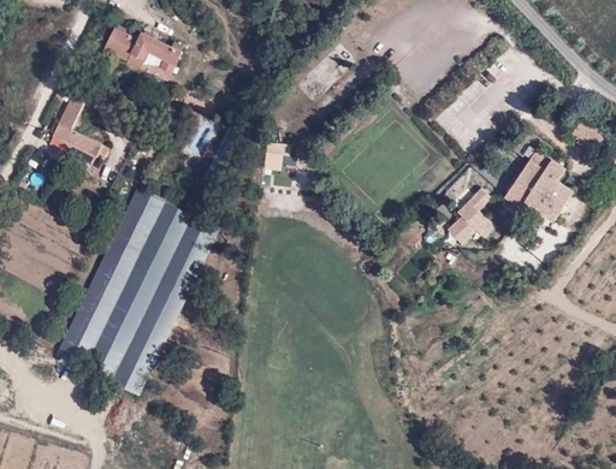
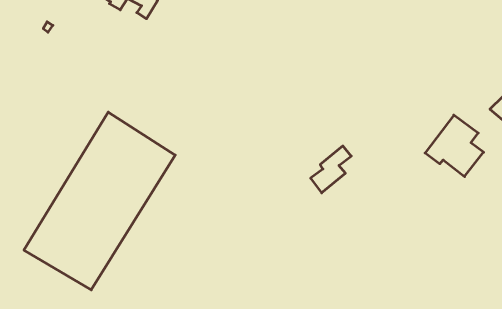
building: [48,96,109,164] -> none
building: [446,188,491,244] -> [311,146,351,193]

